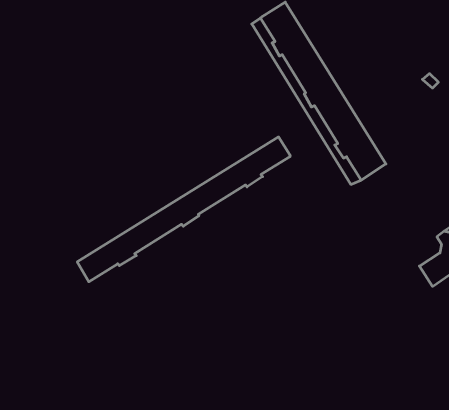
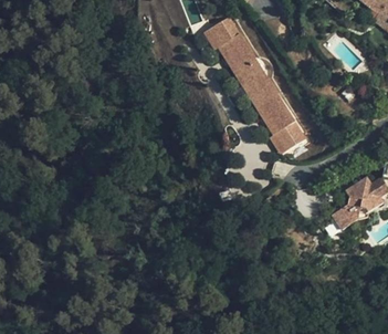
building: [77,137,290,282] -> none

